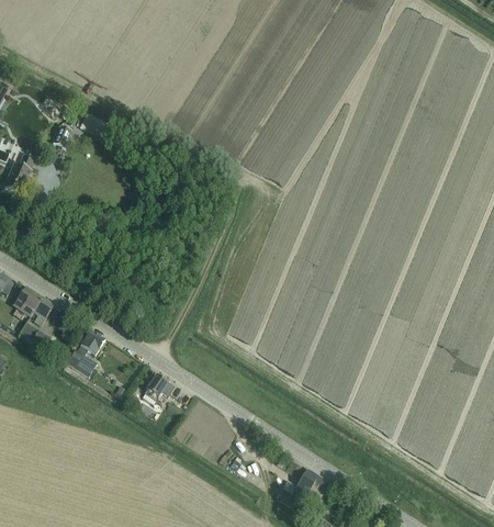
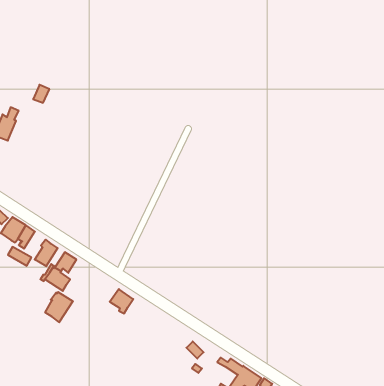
building: none -> [35,240,58,266]
building: none -> [45,292,73,322]

